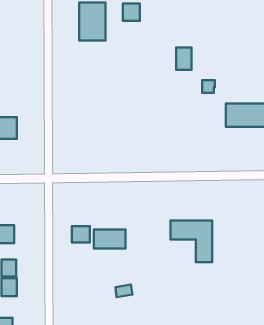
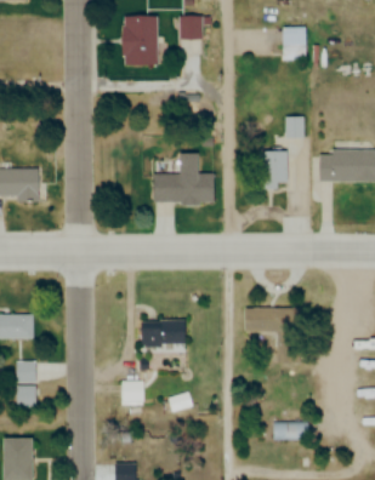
building: [176,47,192,70] -> [284,28,305,58]
building: none -> [261,152,288,188]
building: none -> [154,153,215,202]
building: [72,226,90,242] -> [123,381,147,402]
building: none -> [274,422,311,439]

